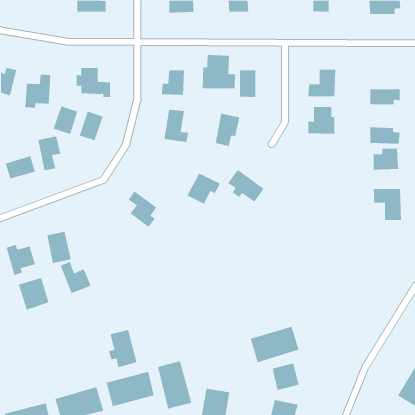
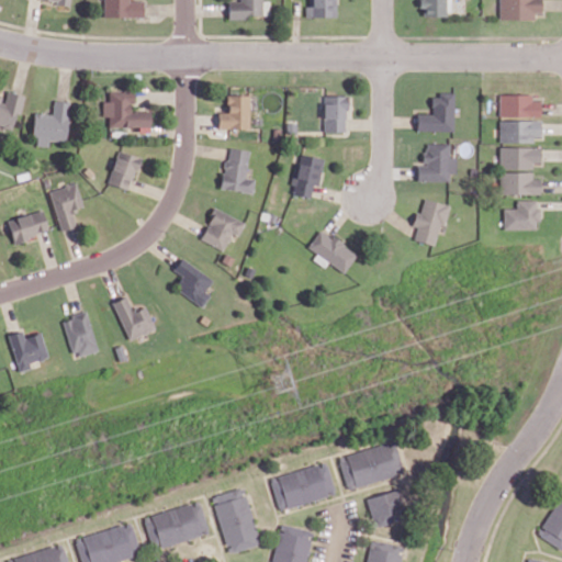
building: [202,54,236,89] -> none
building: none -> [499,94,541,117]
building: [53,106,78,135] -> none
building: none -> [499,147,540,168]
building: none -> [412,199,447,247]
building: [187,173,221,205] -> [200,209,246,251]
building: [373,188,402,221] -> none
building: [60,261,92,294] -> [113,297,156,341]
building: [18,277,49,311] -> none
building: [108,329,137,368] -> none
building: none -> [270,463,336,510]

